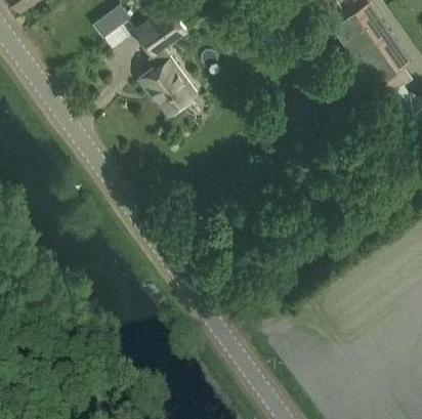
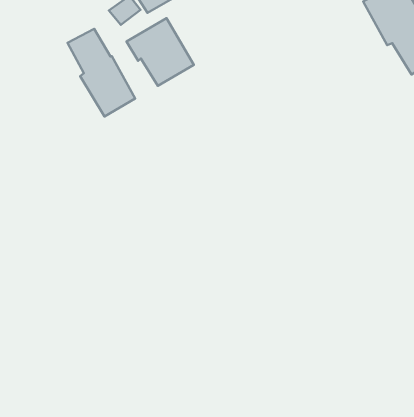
building: none -> [67,29,135,117]

